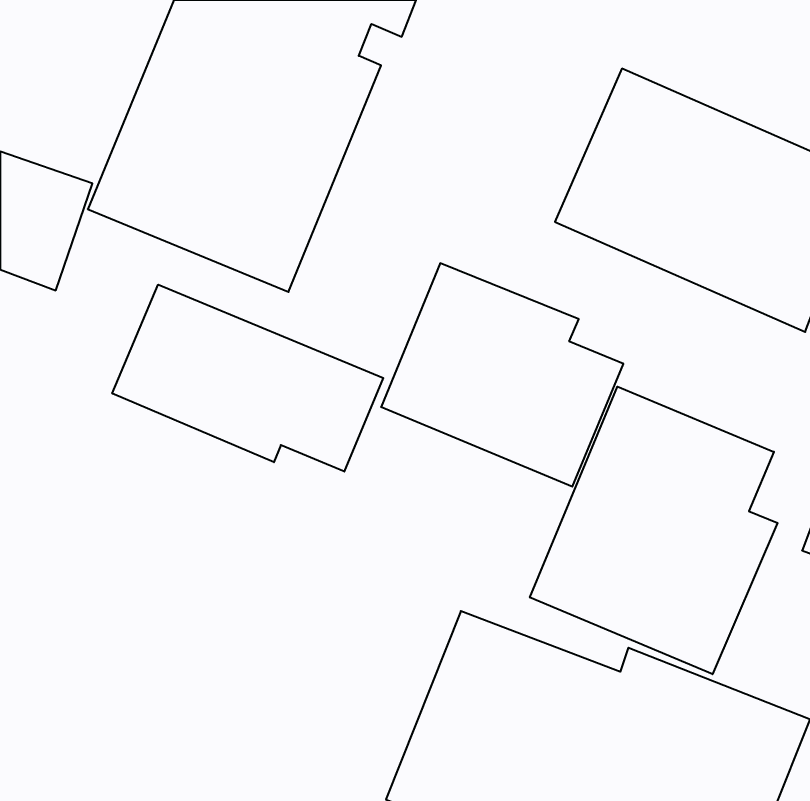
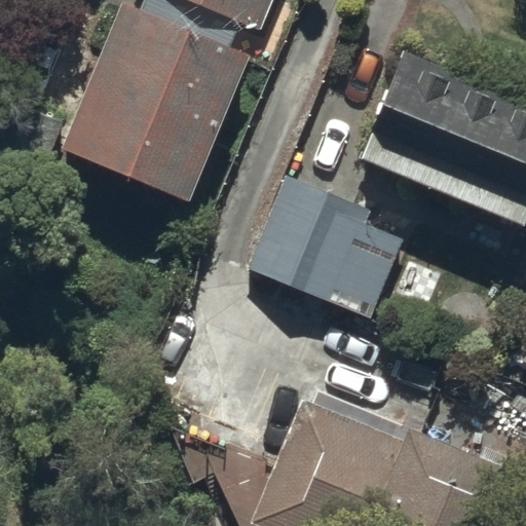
building: [112,285,383,472] -> none
building: [530,387,778,674] -> none

